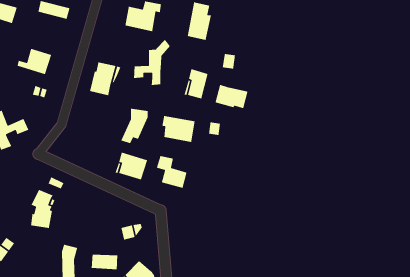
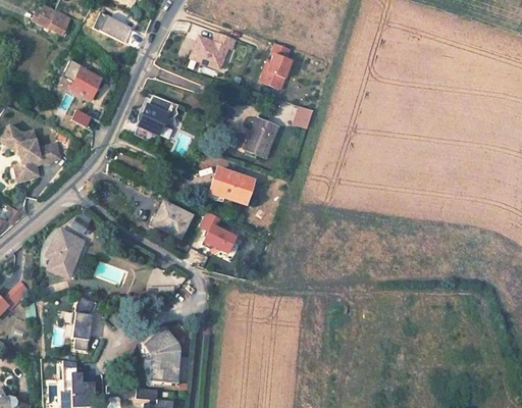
building: [133,39,171,86] -> none
building: [215,84,249,109] -> none
building: [120,108,149,144] -> none
building: [91,254,118,270] -> none

